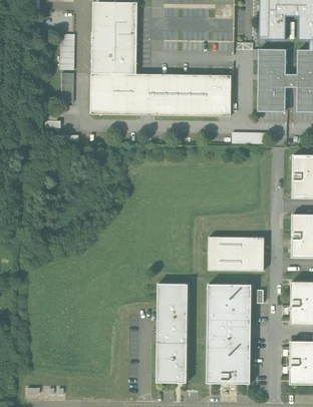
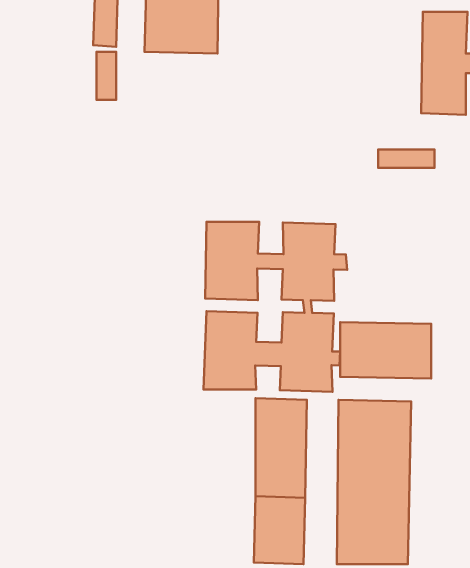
building: [90,73,231,115] -> none
building: none -> [203,222,347,392]

